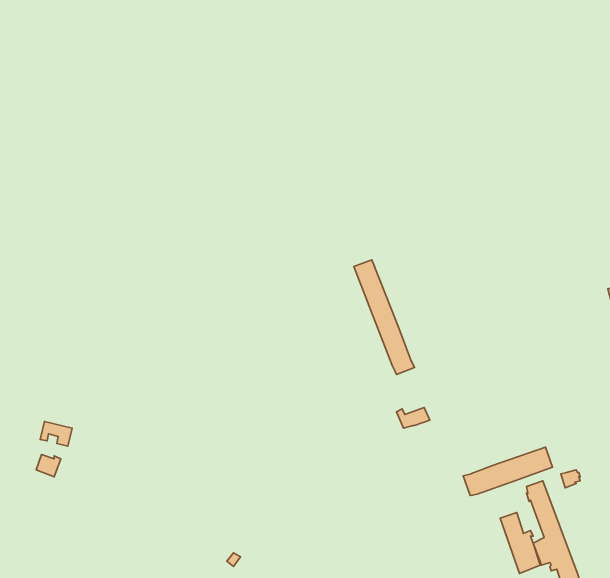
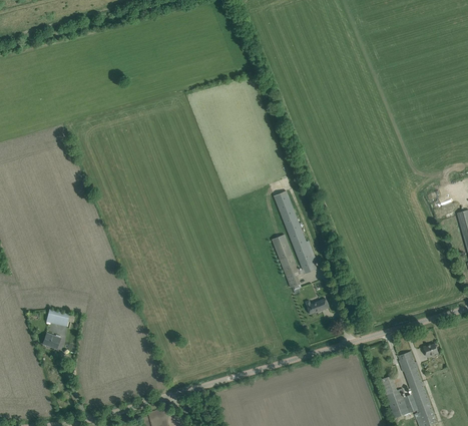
building: none -> [272,234,300,288]
building: [463,447,553,496] -> none

